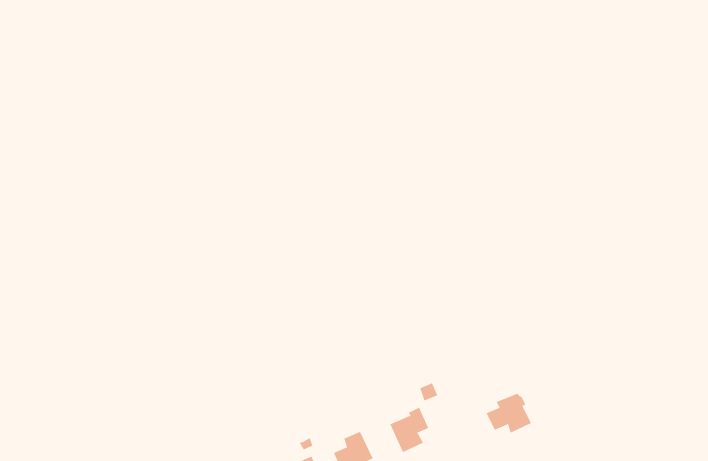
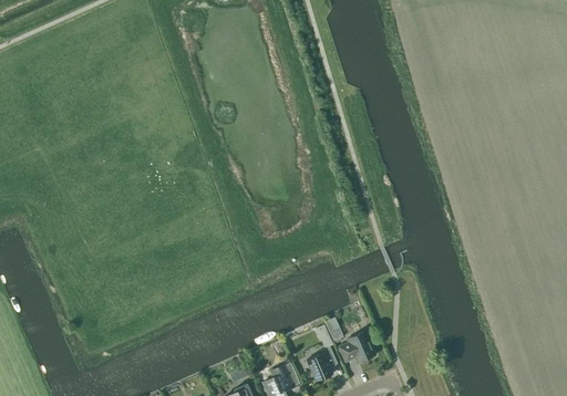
building: [486,393,532,433] -> [339,332,374,363]

